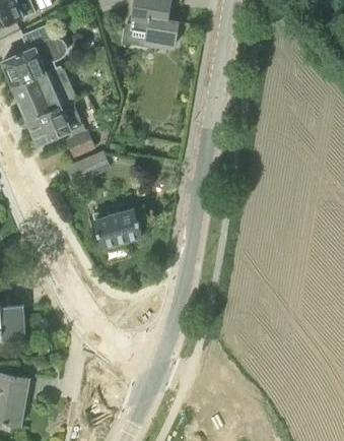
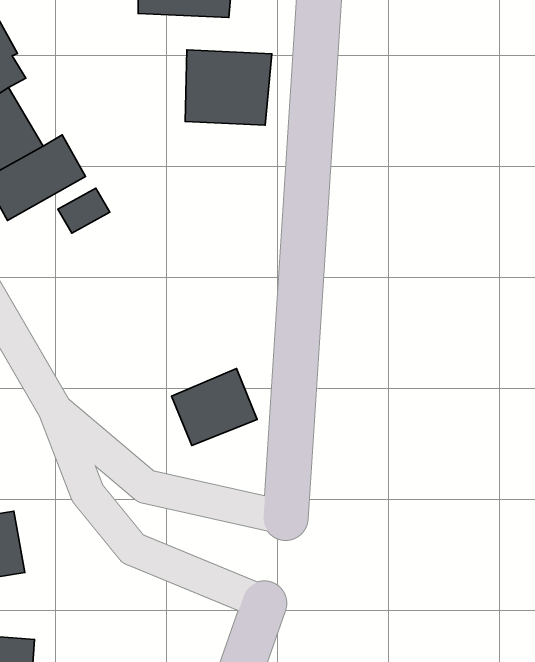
building: none -> [185,50,272,125]
building: [67,150,112,182] -> none
building: [96,207,142,247] -> [171,368,257,445]

